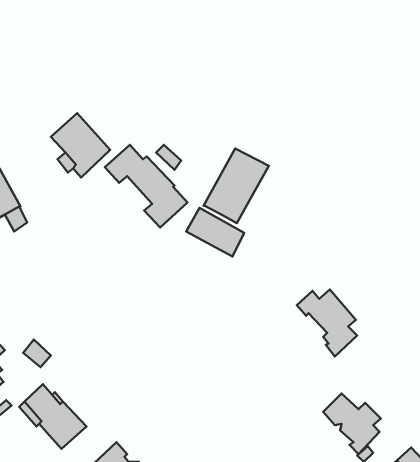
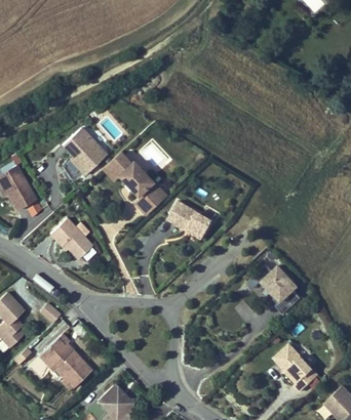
building: [203,148,269,223] -> none
building: none -> [49,217,96,261]

